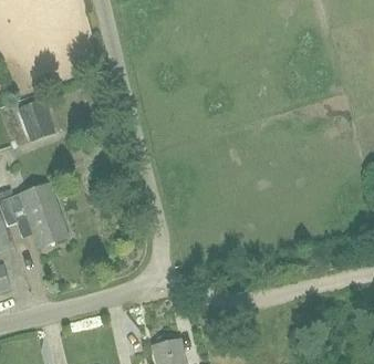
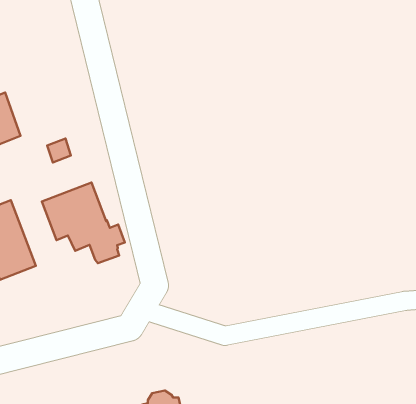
building: none -> [42,182,125,263]

